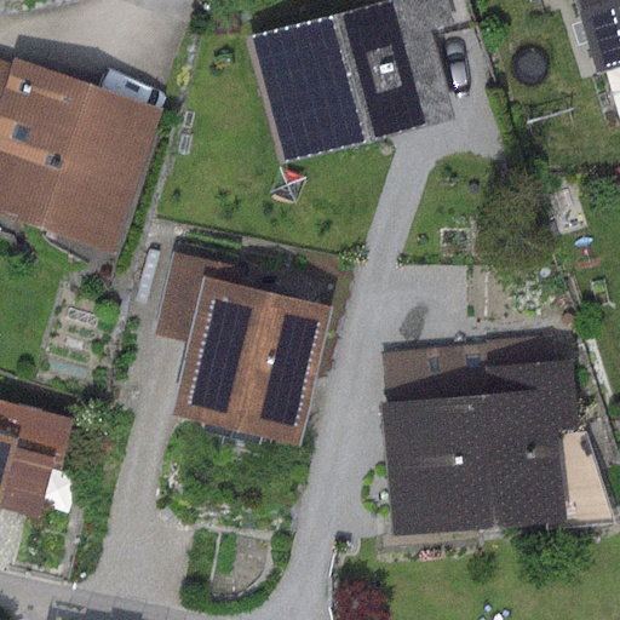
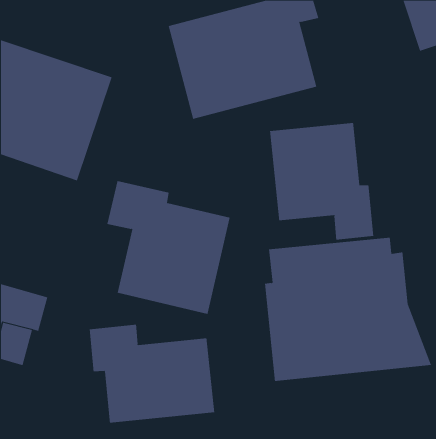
building: none -> [269,122,374,241]
building: none -> [89,324,215,423]

